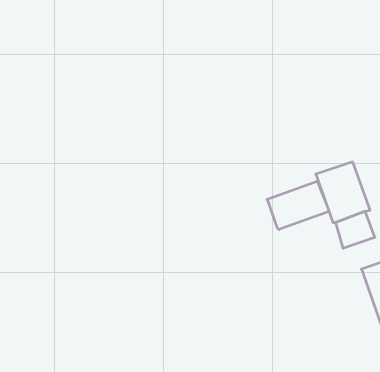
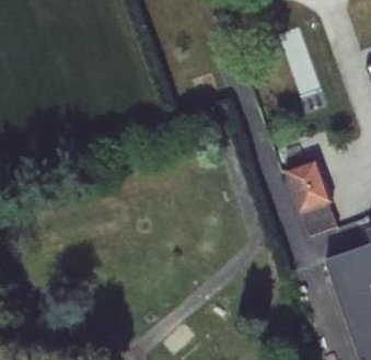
building: [267,181,329,230] -> none

